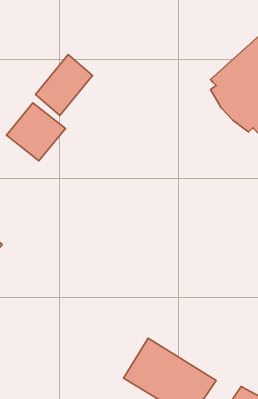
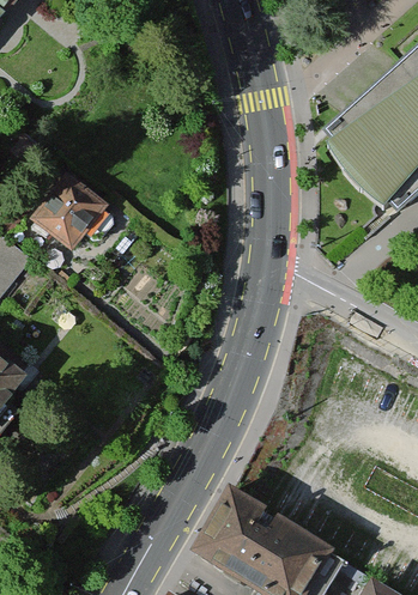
building: [35,54,93,115] -> none

